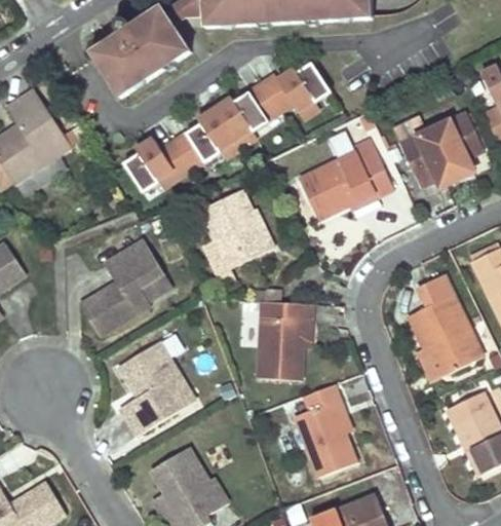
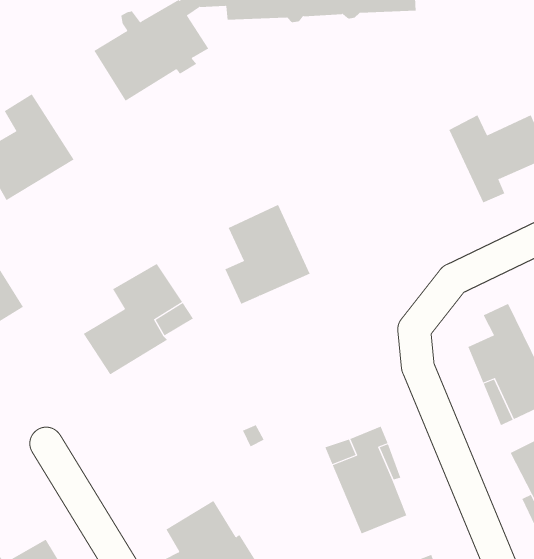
building: [119,65,330,194] -> none
building: [294,147,390,222] -> none
building: [254,304,311,381] -> none
building: [116,340,197,436] -> none

